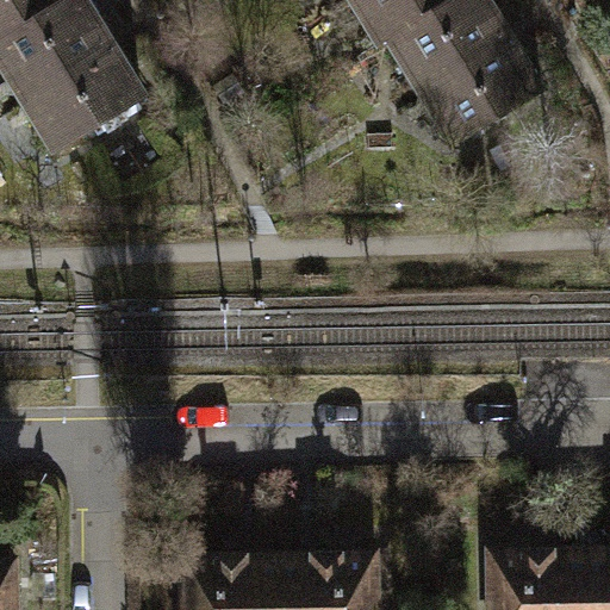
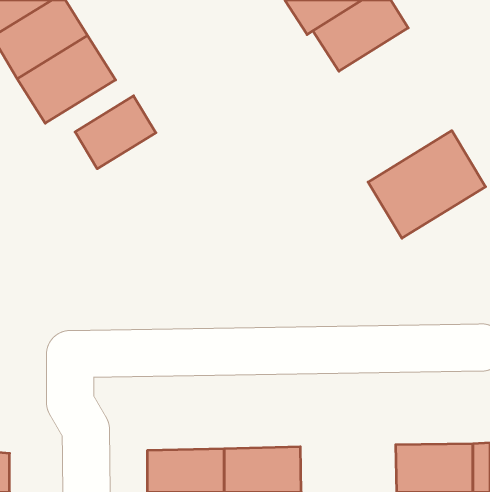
building: [419,35,540,143] -> none
building: none -> [75,96,156,169]
building: none -> [368,131,486,238]

